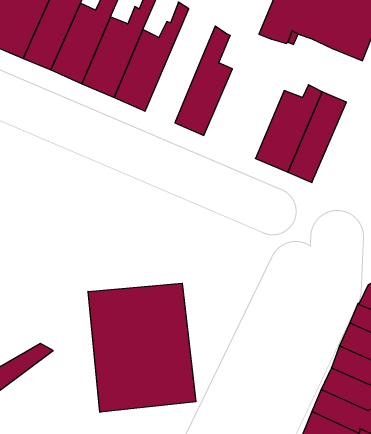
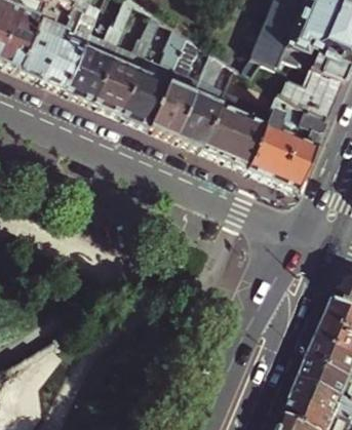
building: none -> [148,32,200,133]
building: none -> [200,63,272,165]
building: none -> [282,67,342,115]
building: [88,283,196,412] -> none

